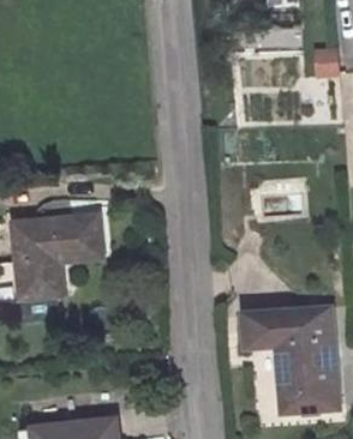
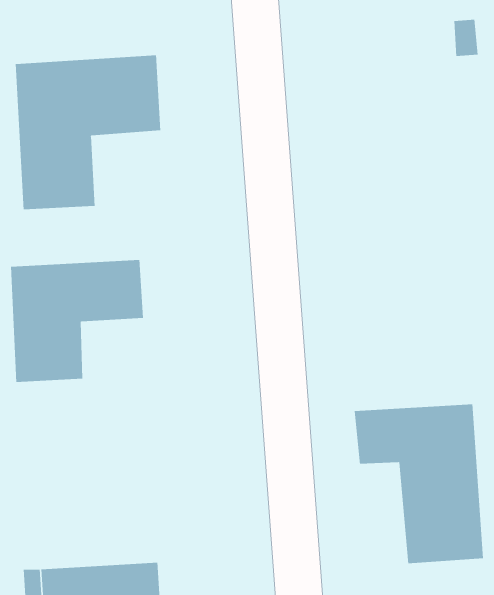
building: none -> [15,55,161,210]

